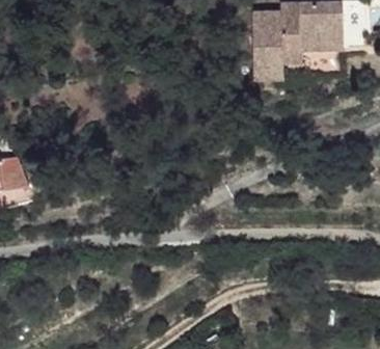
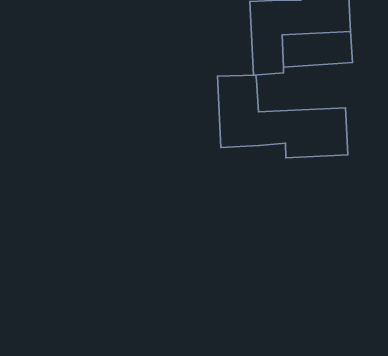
building: none -> [217,75,348,158]

